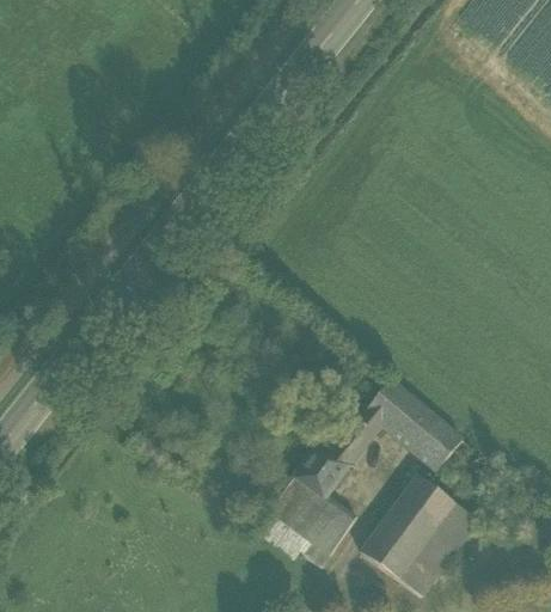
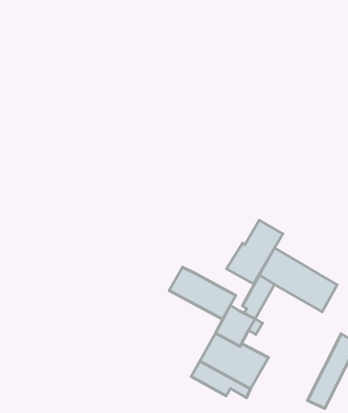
building: none -> [227,220,283,284]
building: none -> [169,267,236,319]
building: [362,475,458,580] -> none

